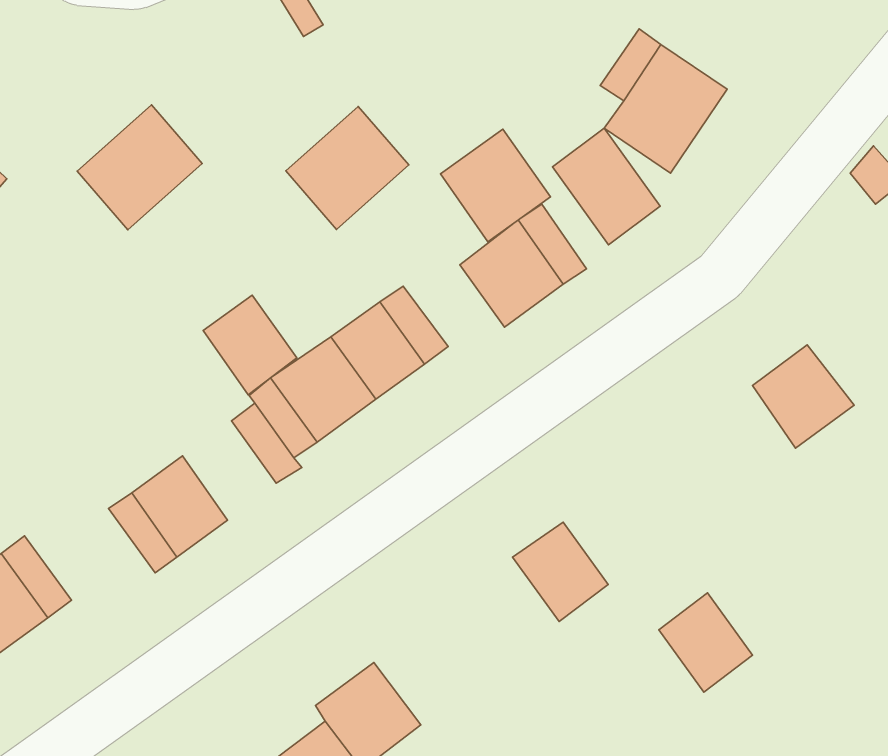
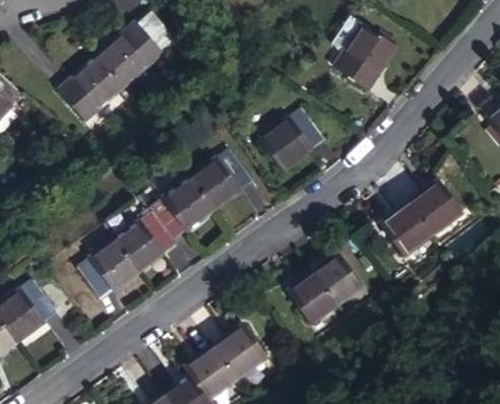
building: [286,106,409,229] -> [98,22,162,86]
building: [552,128,660,245] -> none
building: [440,129,550,242] -> none
building: [203,295,297,395] -> [114,220,163,272]
building: none -> [379,202,433,257]
building: [659,593,753,692] -> [312,254,361,306]
building: none -> [213,325,266,379]

